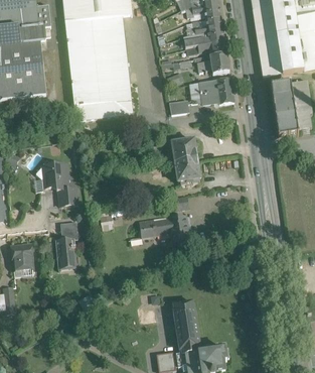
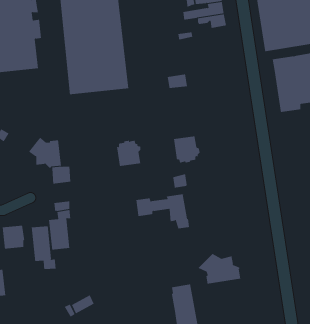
building: [201,52,229,74] -> none
building: [199,77,234,103] -> none
building: [172,136,196,161] -> [116,140,141,167]
building: none -> [31,225,56,270]
building: none -> [198,253,241,284]

